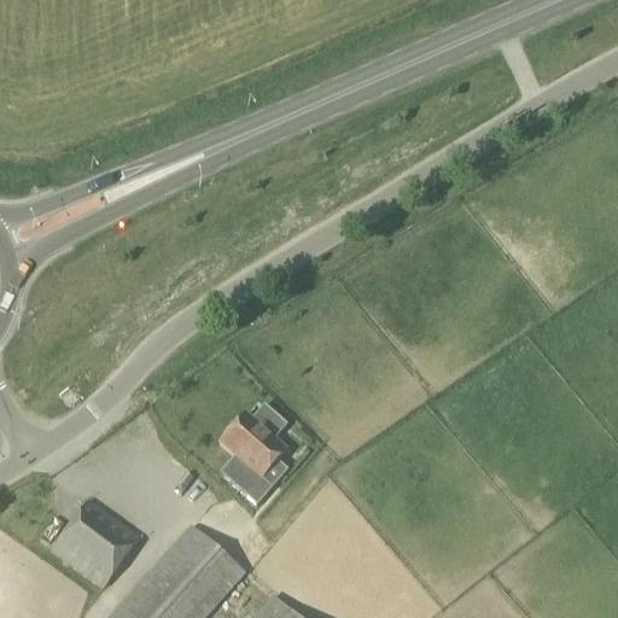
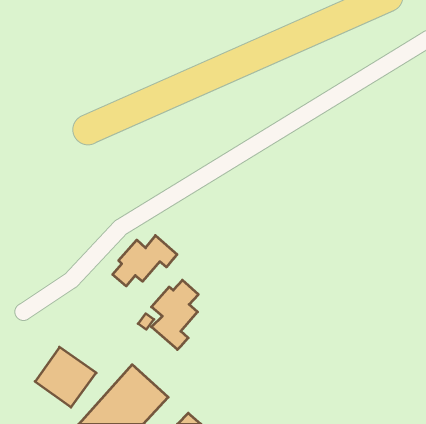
building: none -> [113,235,177,286]

